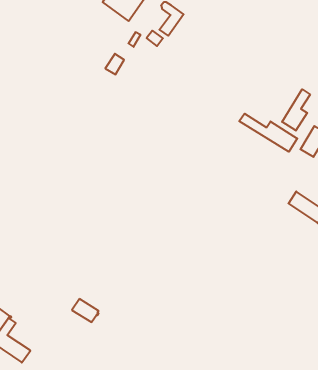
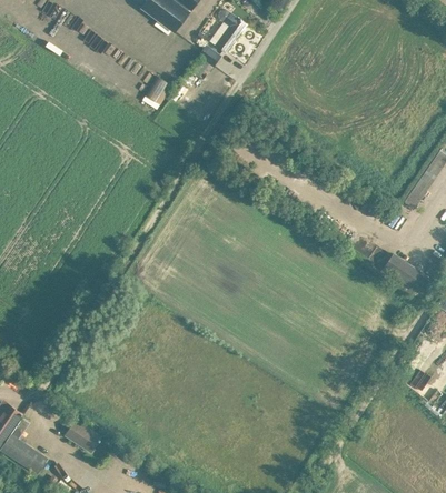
building: [282,89,310,131] -> none
building: [239,114,297,152] -> none
building: [72,299,99,322] -> [66,421,100,451]

